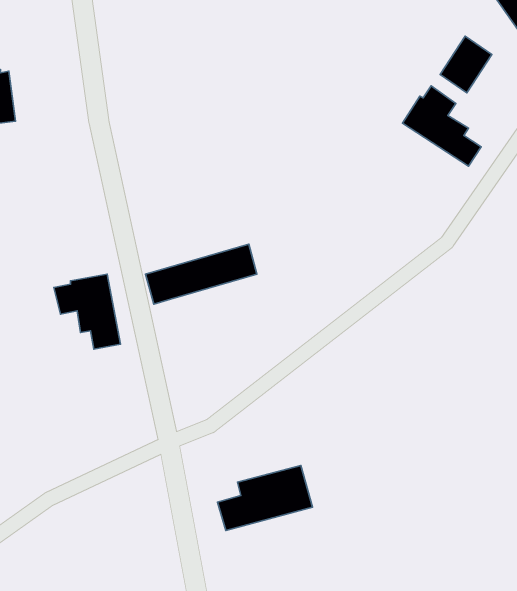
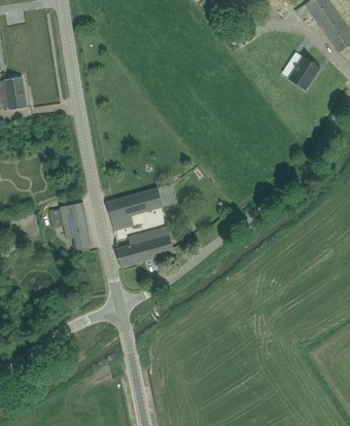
building: [403,86,481,166] -> none
building: [218,465,312,530] -> [115,226,174,267]

